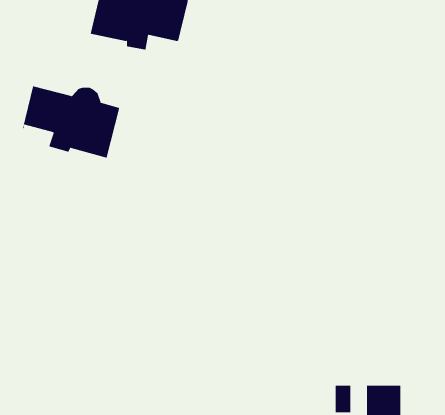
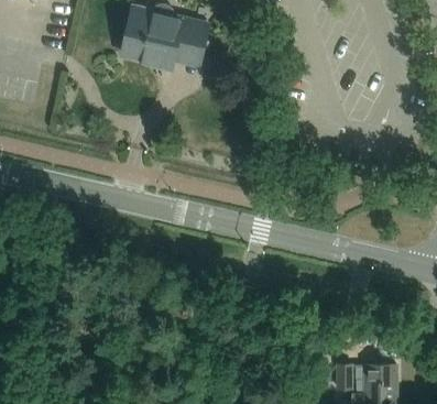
building: [22,85,120,158] -> none

